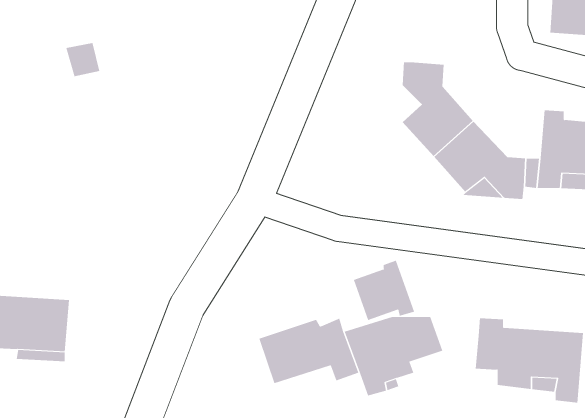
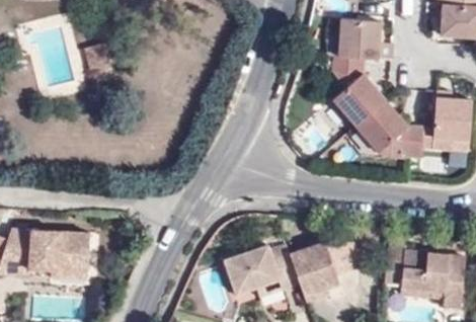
building: none -> [337,20,392,60]
building: [353,260,415,321] -> none

